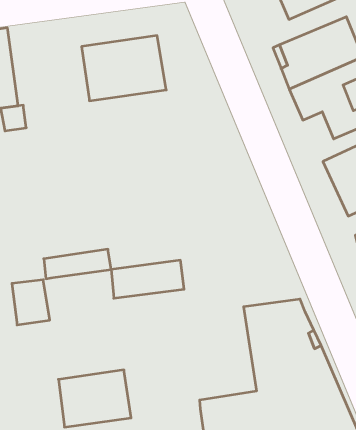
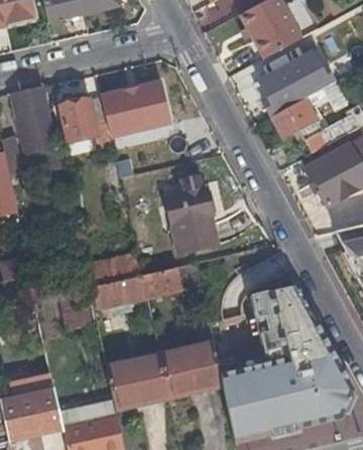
building: none -> [59,97,111,153]
building: none -> [165,171,214,251]
building: none -> [91,273,143,307]
building: none -> [156,340,221,392]

